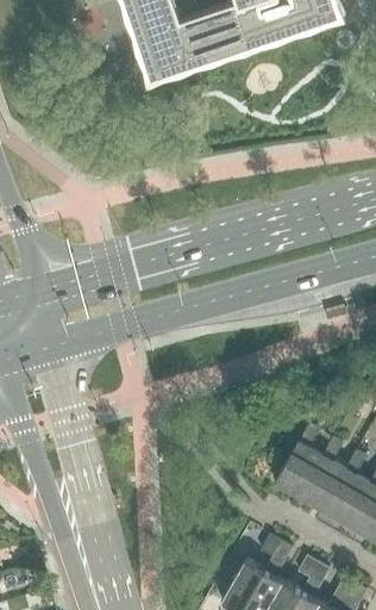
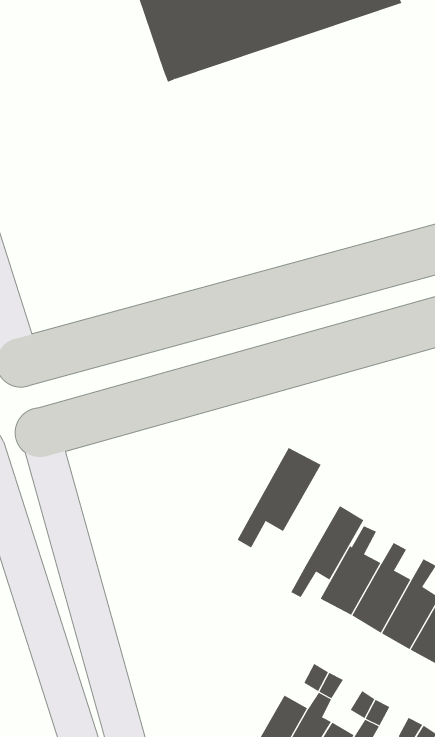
building: none -> [237,447,321,548]
building: none -> [290,505,364,598]

